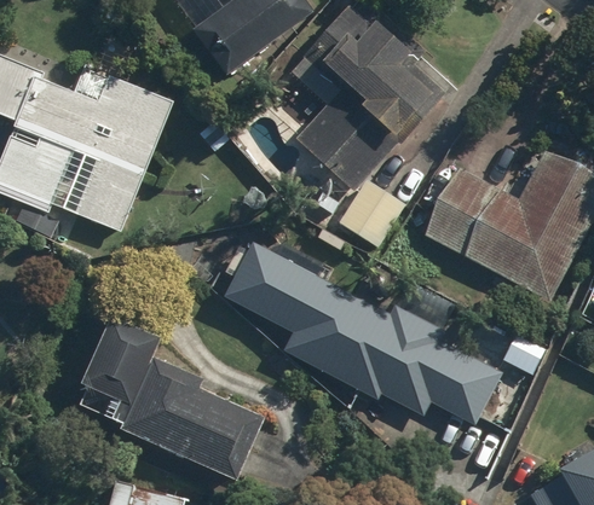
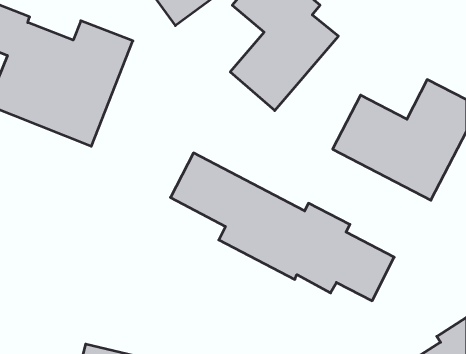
building: [338,179,404,248] -> none
building: [79,315,263,482] -> none

